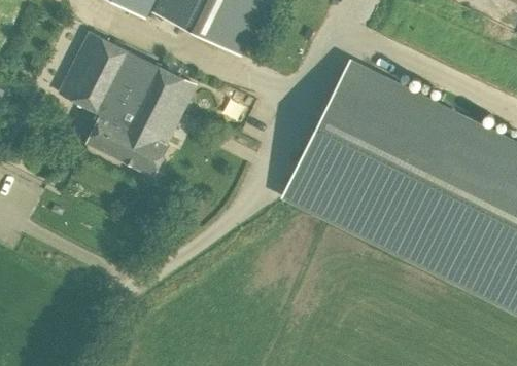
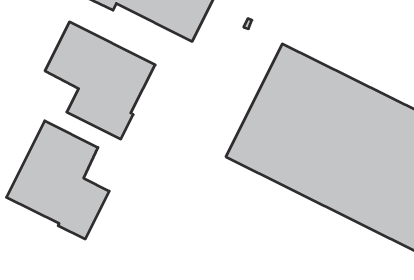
building: none -> [6,121,109,239]

